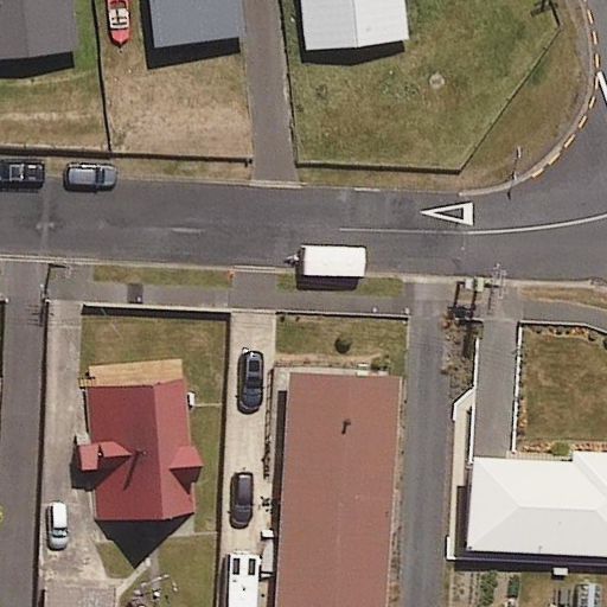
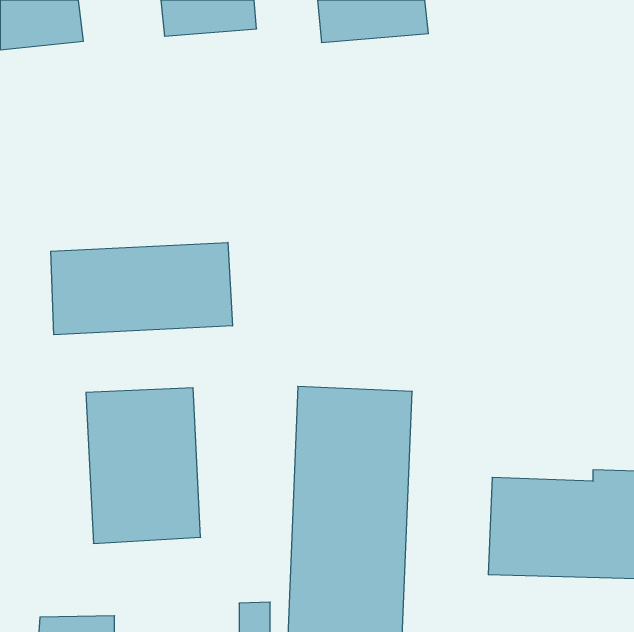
building: none -> [51,242,232,335]

